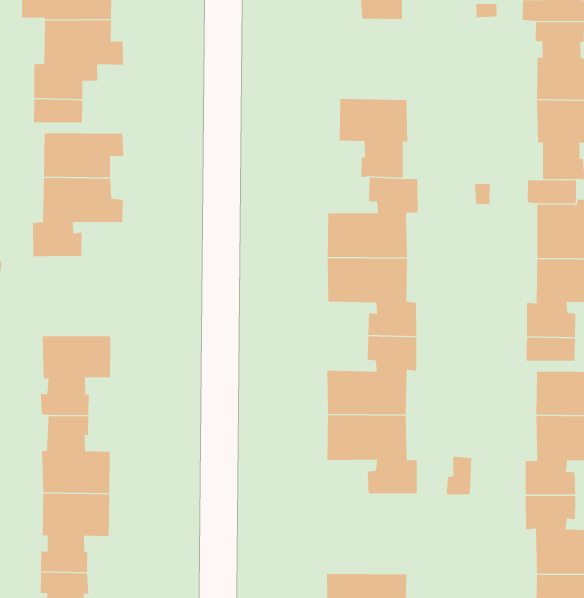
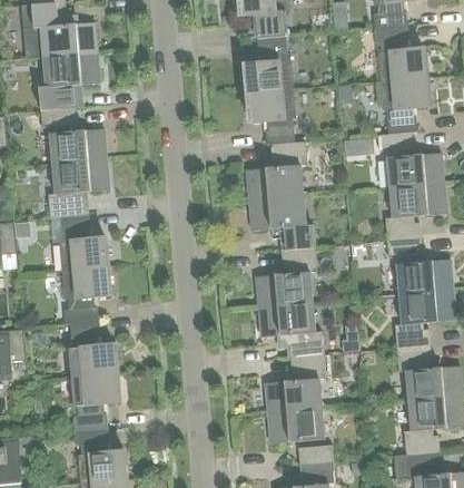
building: none -> [245,35,293,91]
building: none -> [59,214,108,270]
building: none -> [265,353,326,412]

